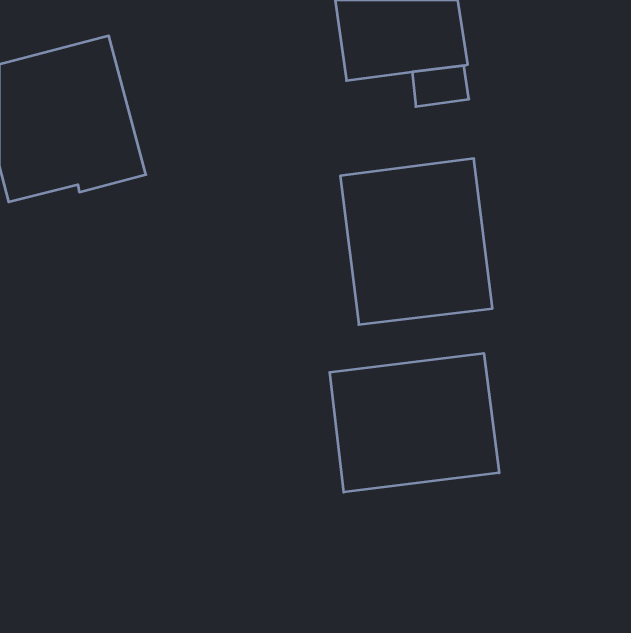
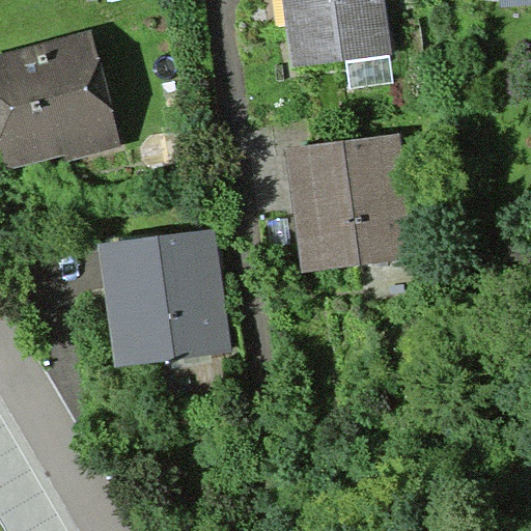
building: none -> [96,227,231,366]
building: [330,353,499,492] -> none

